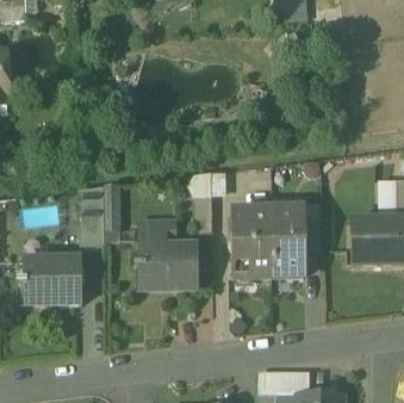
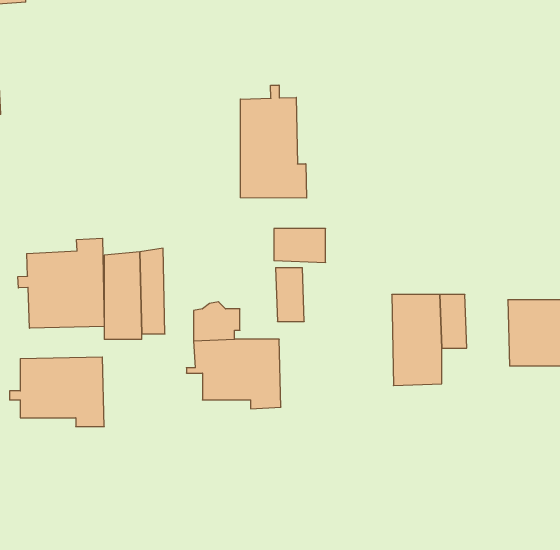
building: none -> [240,85,306,198]
building: none -> [18,238,104,328]
building: [228,211,273,275] -> none

